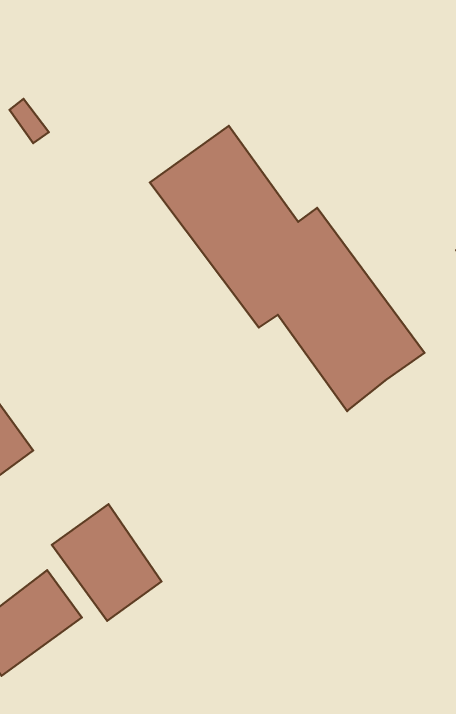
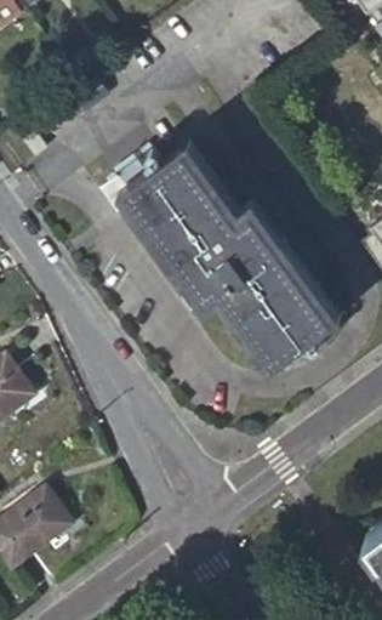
building: [52,504,161,621] -> none

